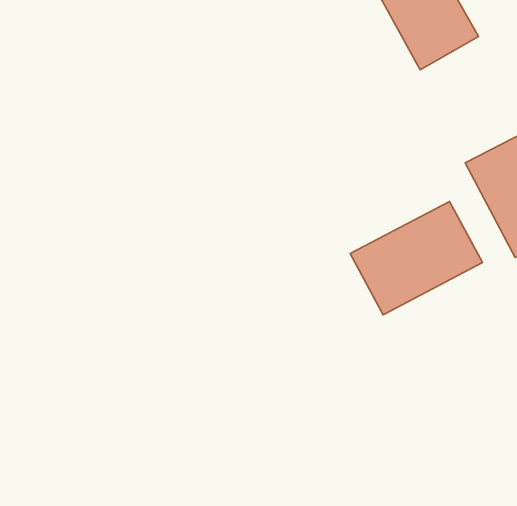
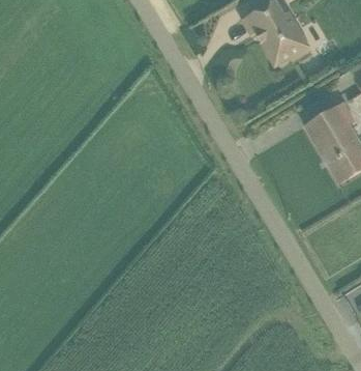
building: [350,201,482,315] -> none

